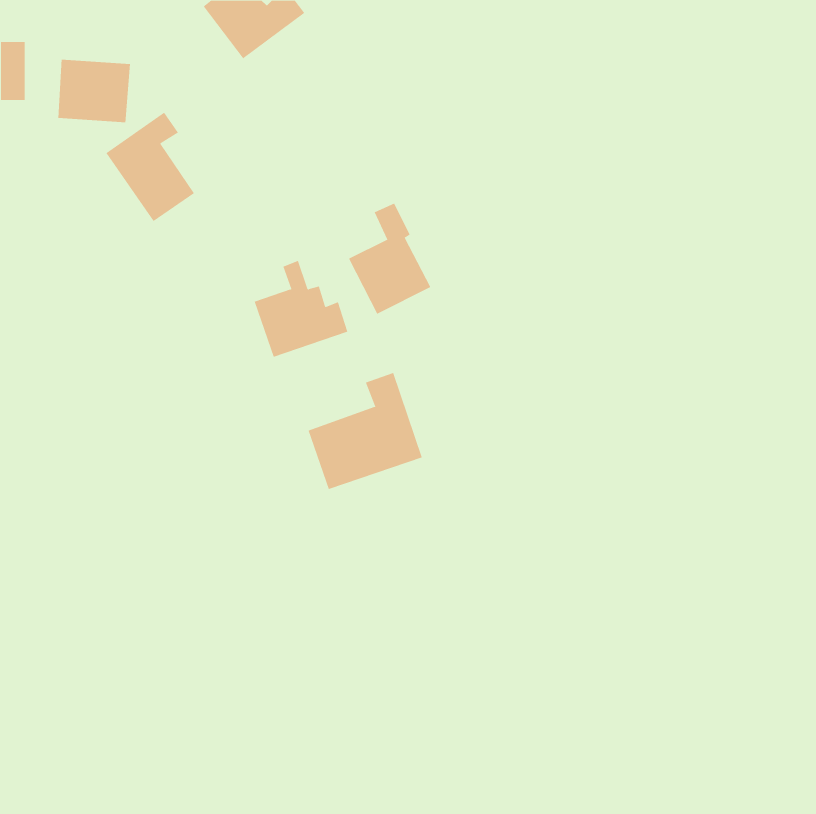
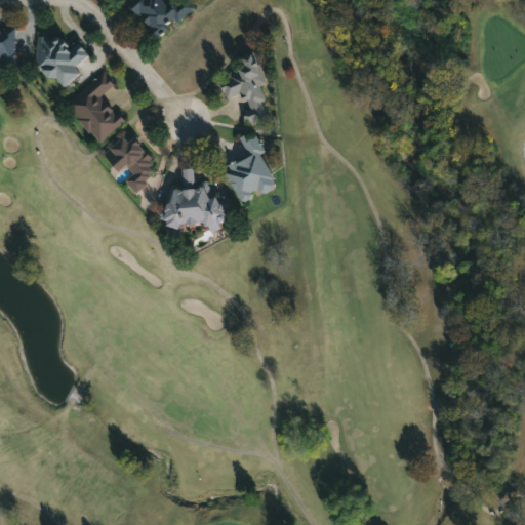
building: none -> [221,54,268,124]
building: none -> [104,132,156,193]
building: [308,372,423,490] -> none

